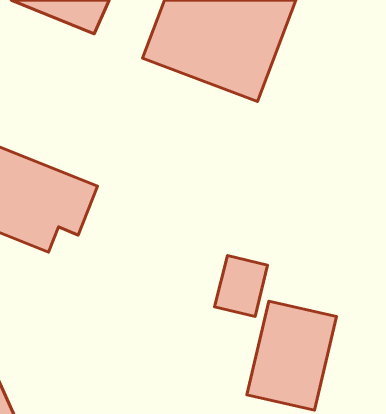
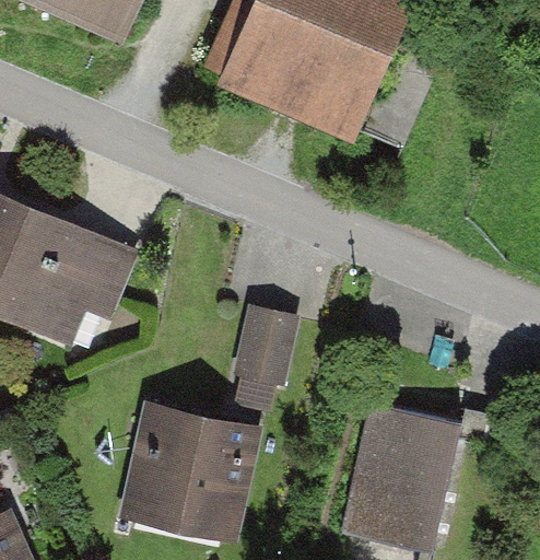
building: [215,256,268,317] -> [228,302,300,384]
building: none -> [115,402,257,542]

